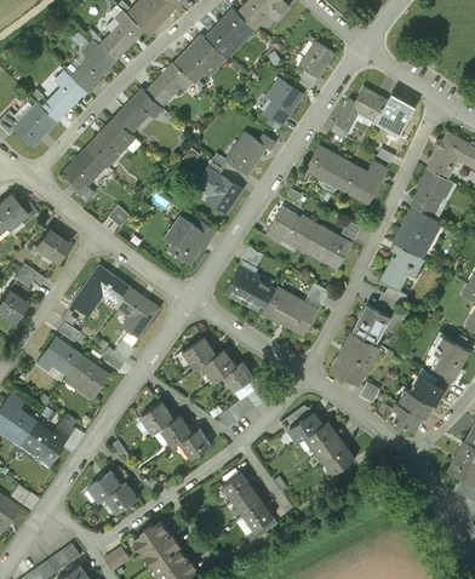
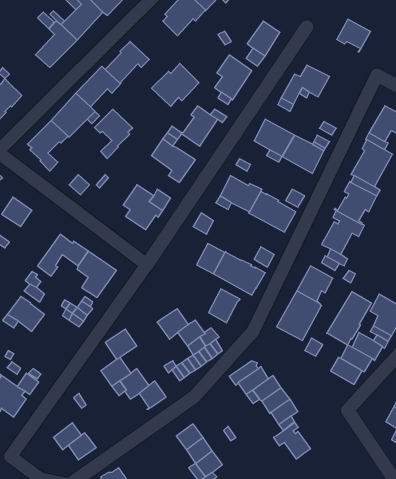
building: [173,38,224,84] -> [152,63,199,106]
building: [41,70,86,122] -> none
building: [374,101,411,136] -> [337,19,371,52]
building: none -> [94,109,133,159]
building: [224,266,258,303] -> [209,289,240,323]
building: none -> [327,292,372,345]
building: [182,337,216,369] -> [105,329,137,359]
building: [67,356,108,395] -> none
building: none -> [274,422,311,459]

